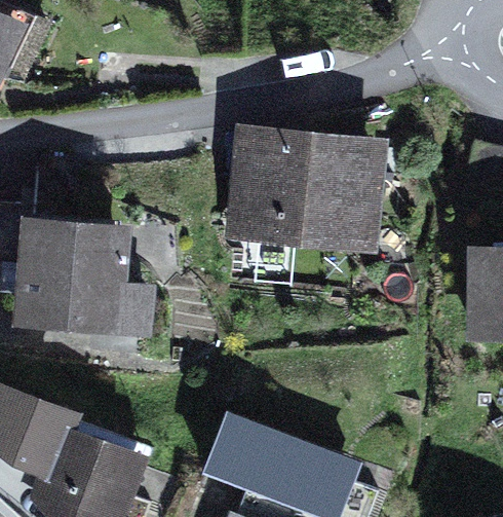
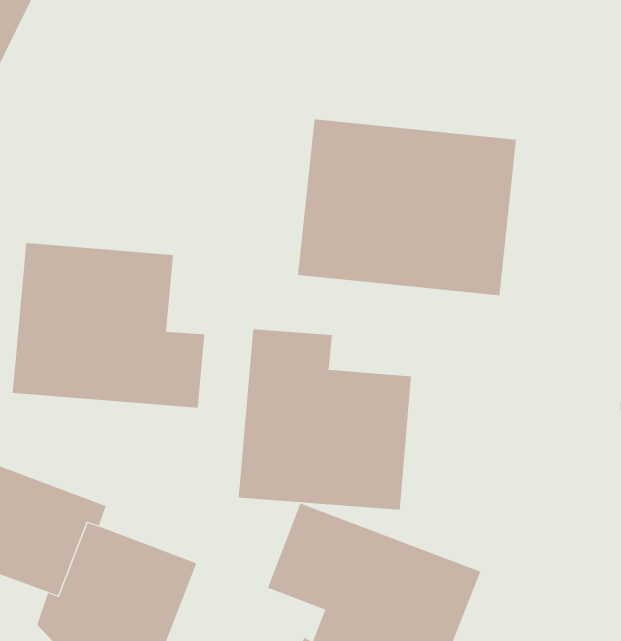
building: none -> [238,328,411,511]

